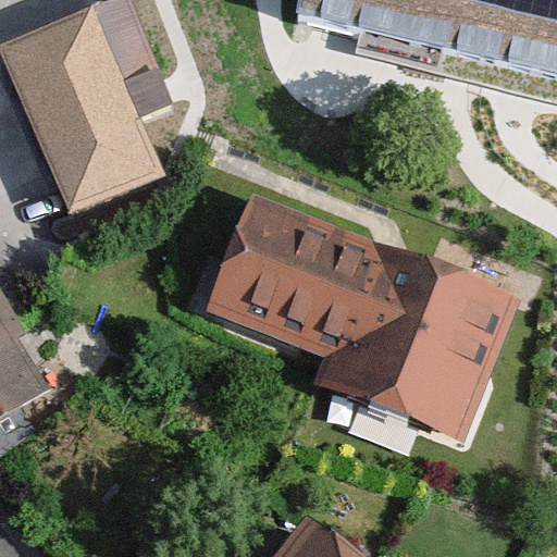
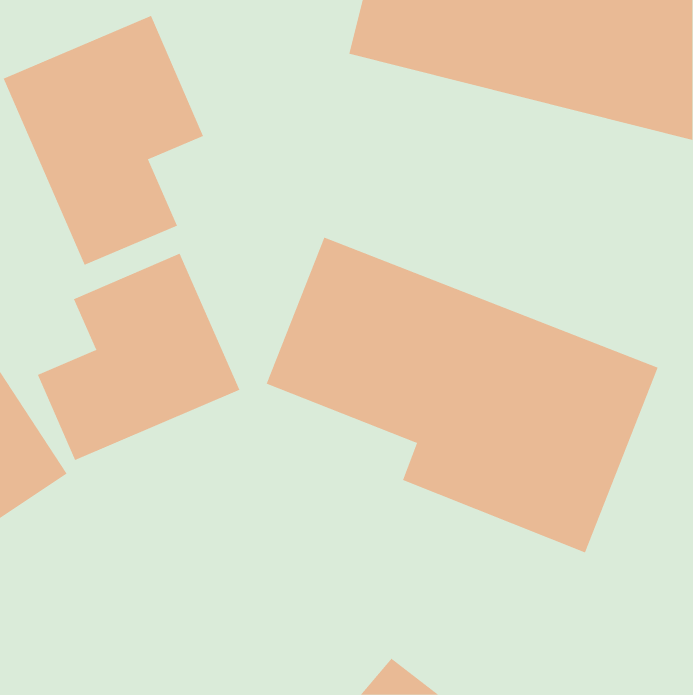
building: none -> [37,253,240,461]

